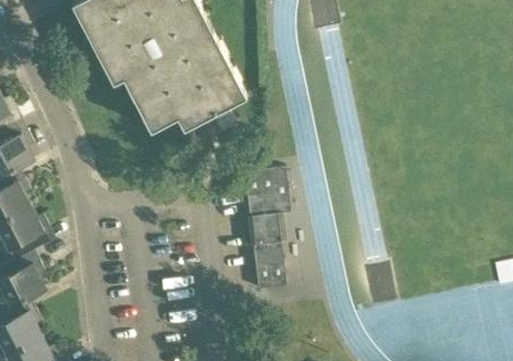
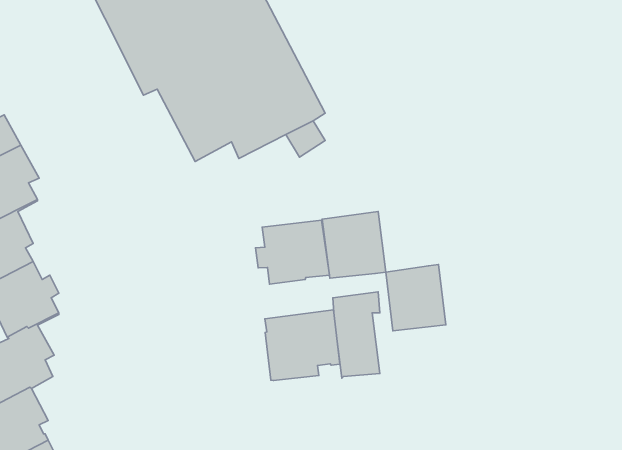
building: none -> [256,220,329,284]
building: none -> [386,265,446,331]
building: none -> [265,310,340,381]

